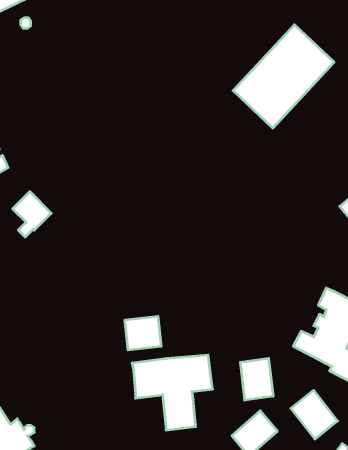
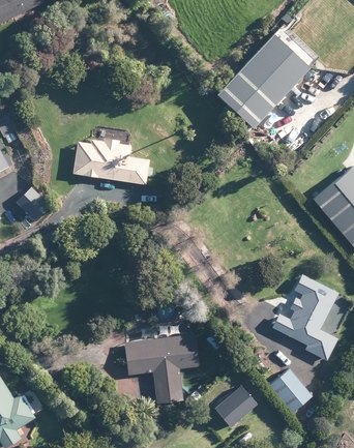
building: none -> [71,139,153,185]
building: [125,316,161,350] -> none
building: [240,358,273,400] -> none

